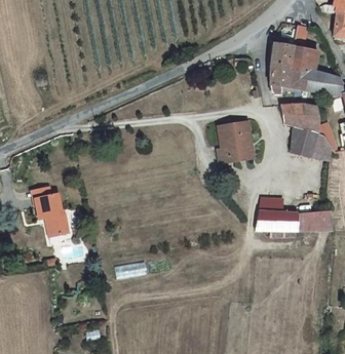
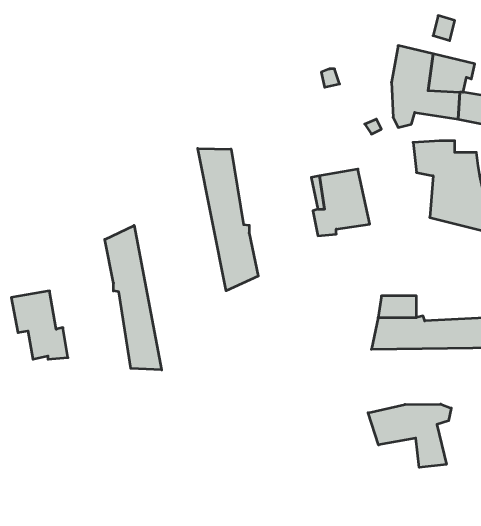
building: none -> [198,148,258,291]
building: none -> [105,225,162,370]
building: none -> [368,404,451,467]

